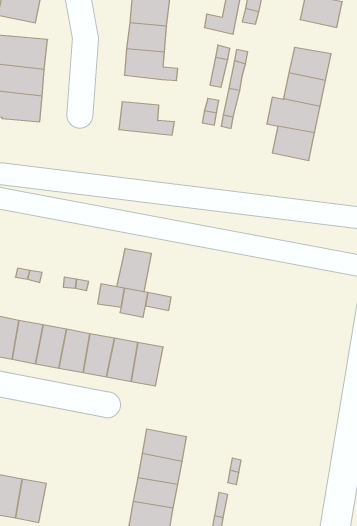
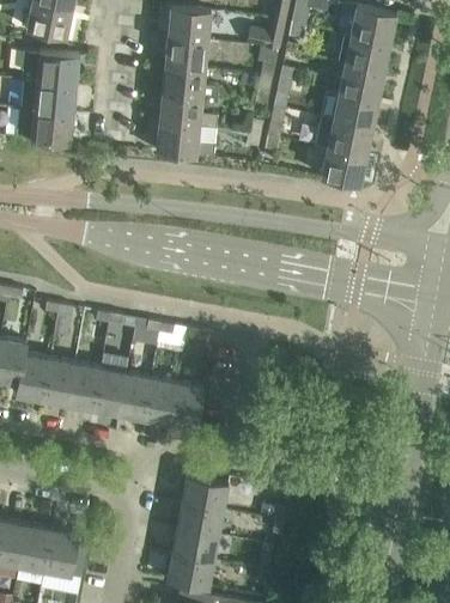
building: none -> [339,35,390,72]
building: none -> [159,95,218,130]
building: [117,248,151,292] -> none

